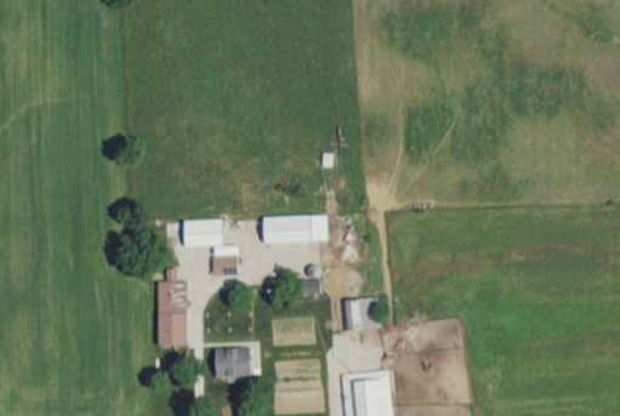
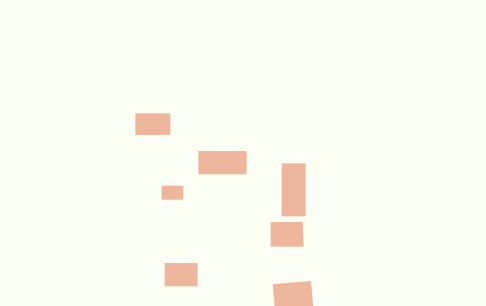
building: [183,221,227,247] -> [135,113,171,135]
building: none -> [281,163,306,217]
building: [158,281,189,346] -> none

